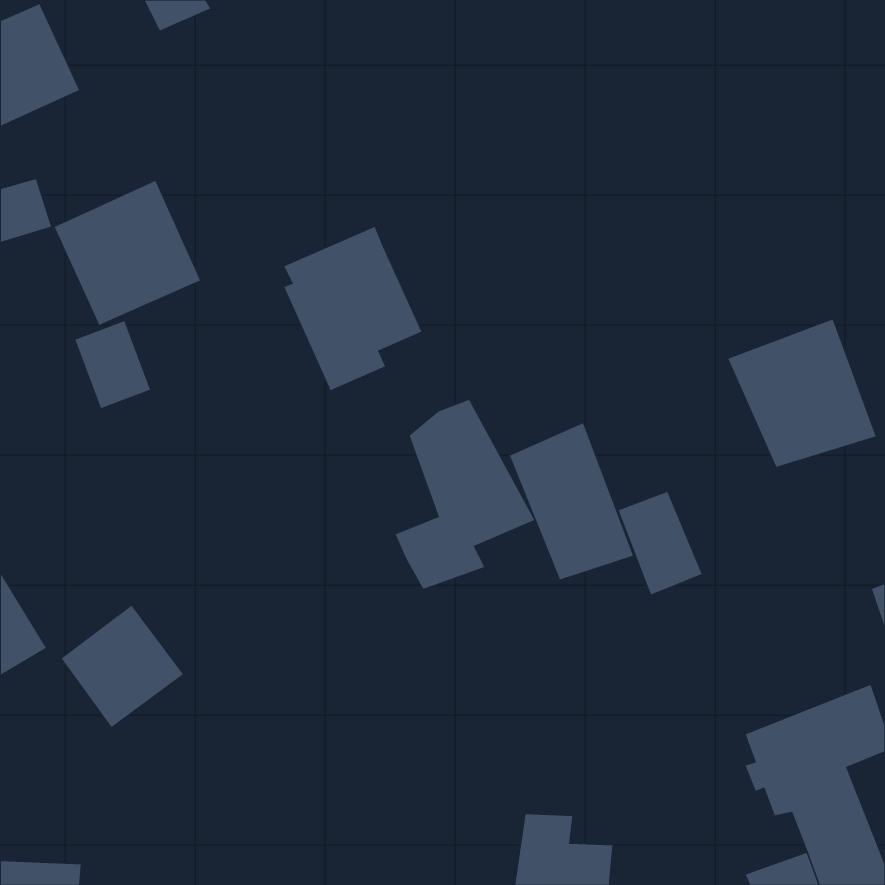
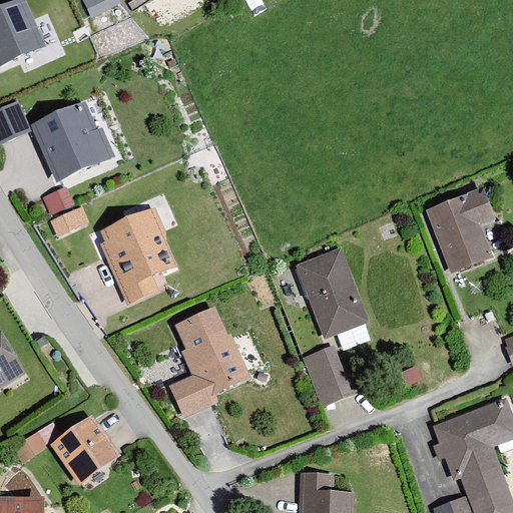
building: [284,226,422,391] -> [100,213,180,309]
building: [395,399,535,590] -> [166,305,247,415]
building: [618,491,703,595] -> [305,351,354,411]
building: [61,605,184,728] -> [51,416,122,487]

